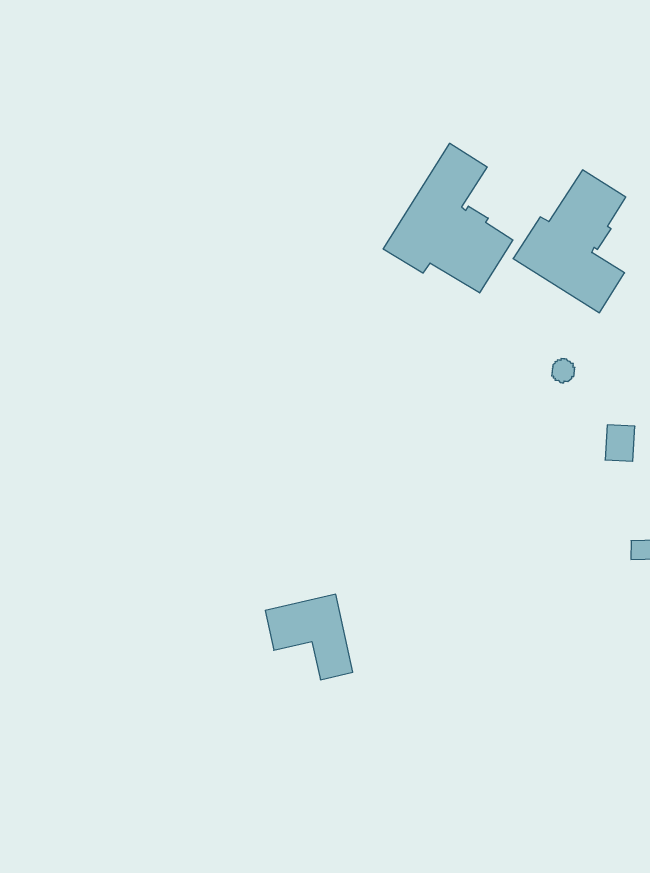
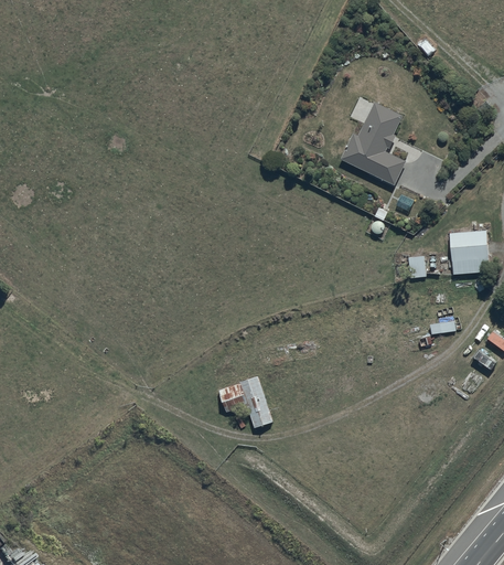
building: [383,143,513,293] -> none

